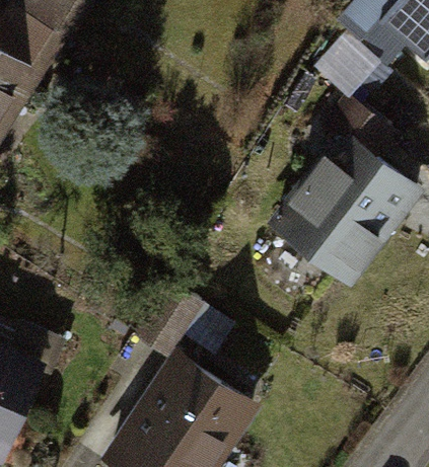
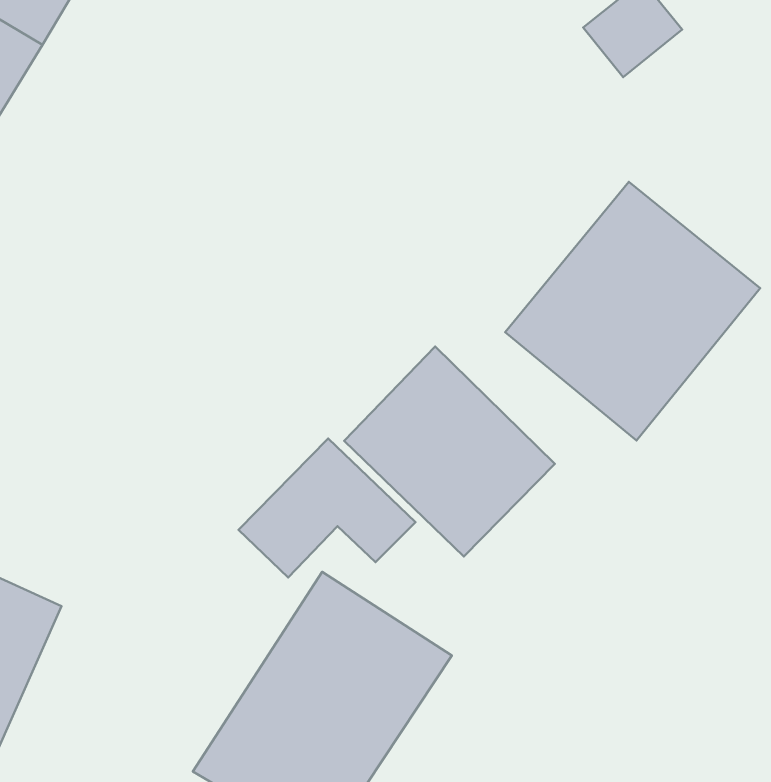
building: none -> [344,347,555,557]

